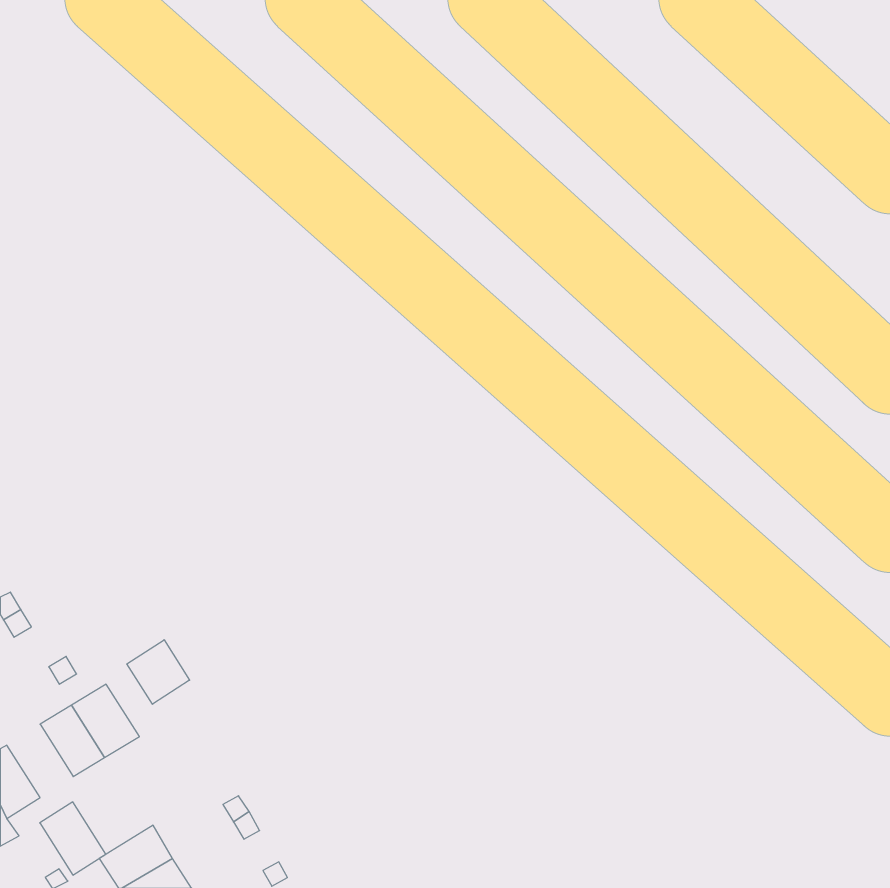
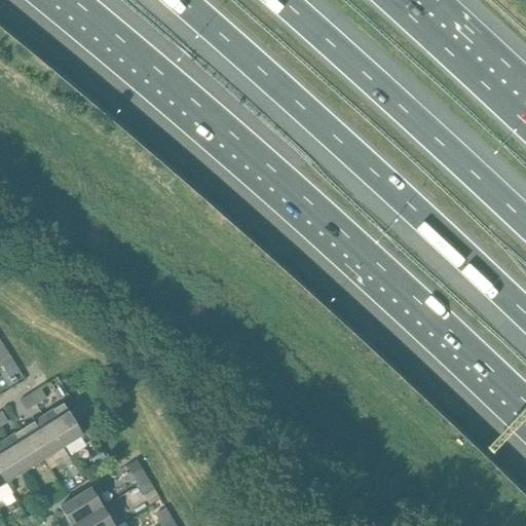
building: [127,640,190,704] -> none
building: [40,802,106,875] -> [4,427,43,471]

